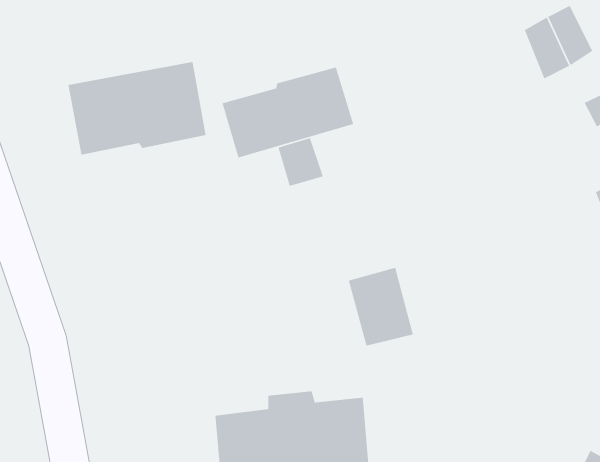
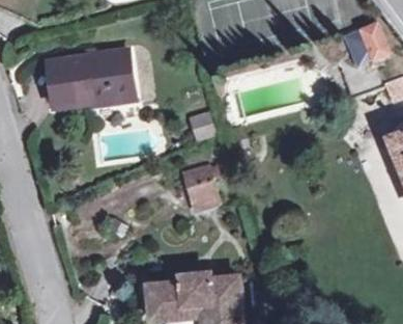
building: [222,66,354,159] -> none
building: [348,267,414,346] -> [180,159,222,209]

